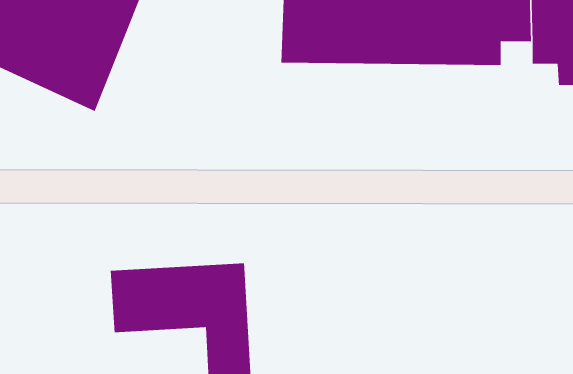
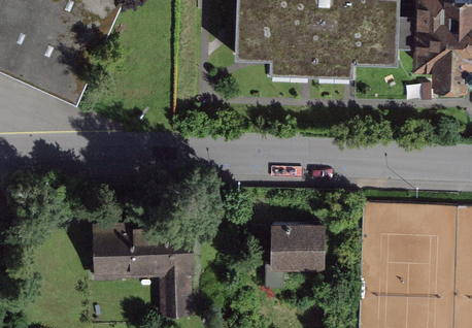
building: none -> [265,223,324,267]

